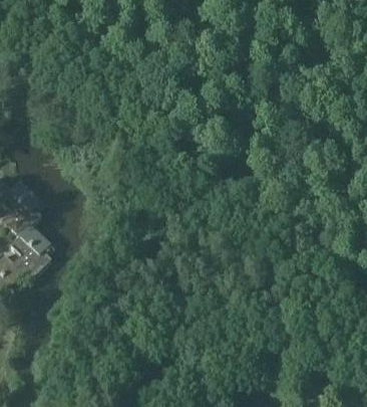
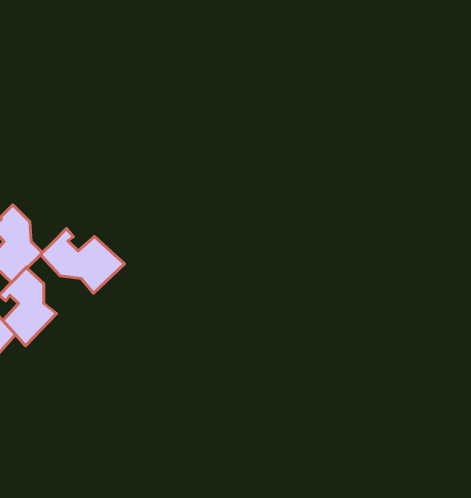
building: none -> [40,229,125,293]

